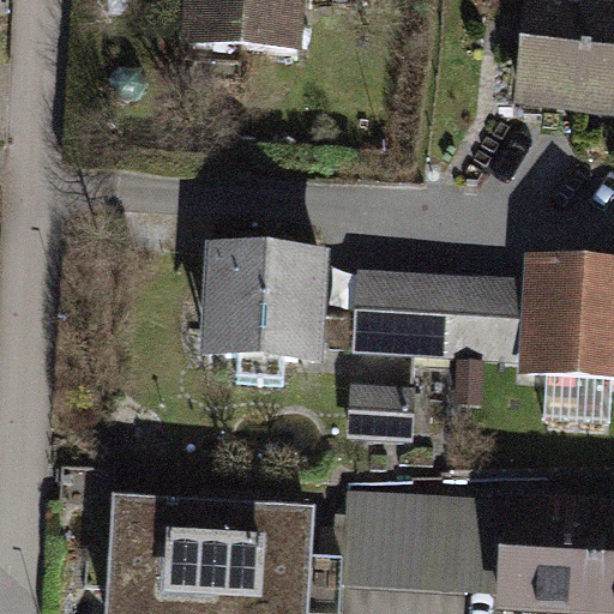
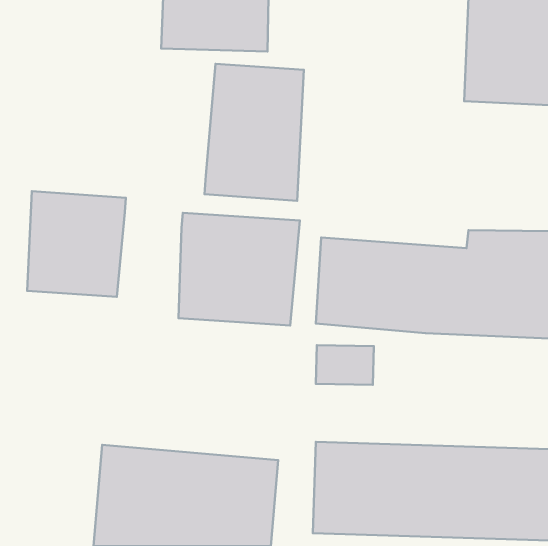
building: none -> [205,64,304,201]
building: none -> [27,191,126,297]

